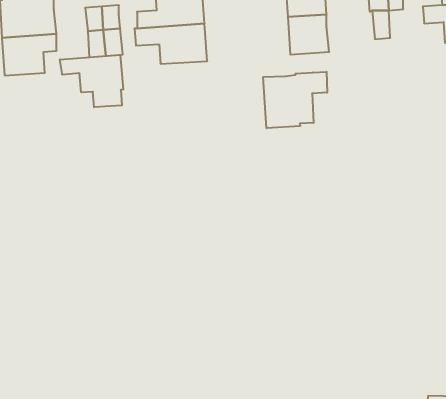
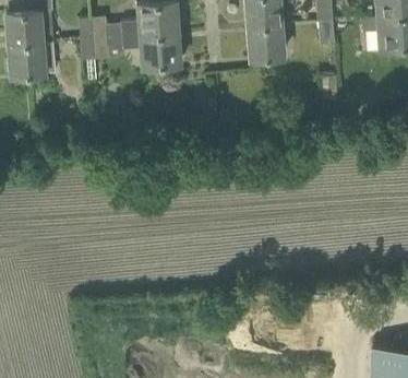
building: [60,55,123,107] -> none
building: [263,72,327,128] -> none

